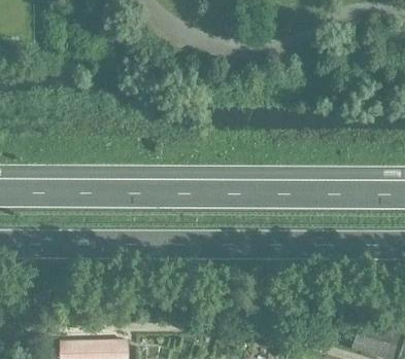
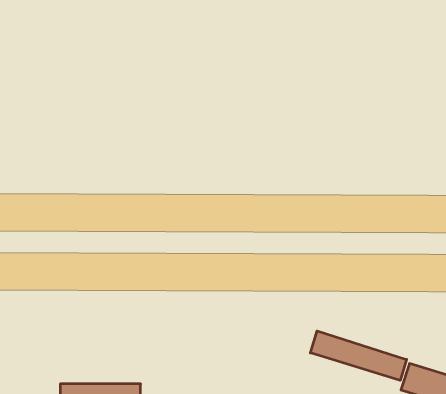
building: none -> [310,331,407,380]

